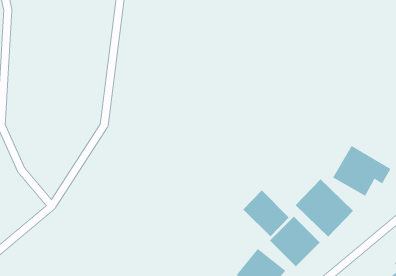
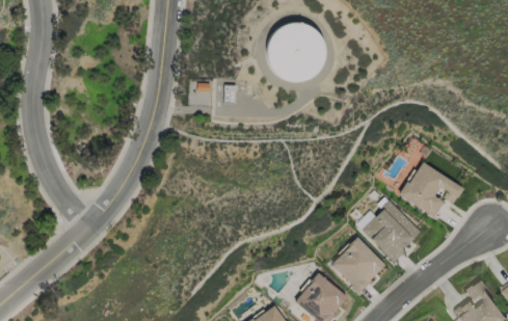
building: none -> [266,24,321,79]
building: [243,189,290,237] -> none

